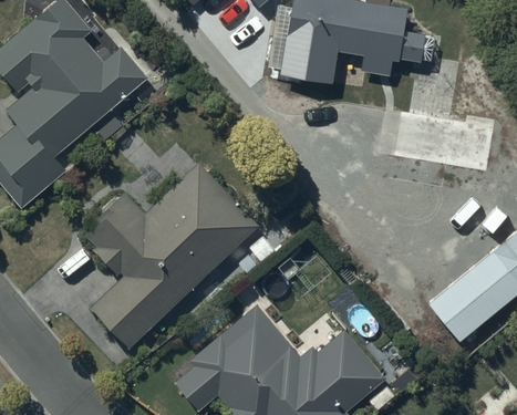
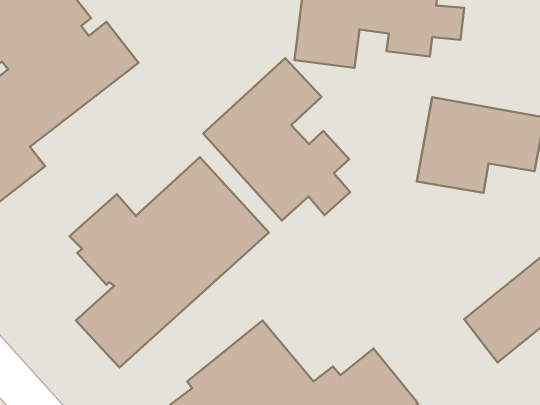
building: none -> [203,58,350,220]

